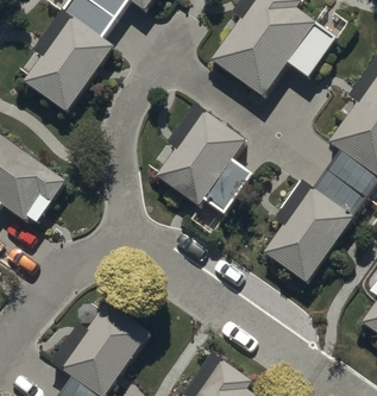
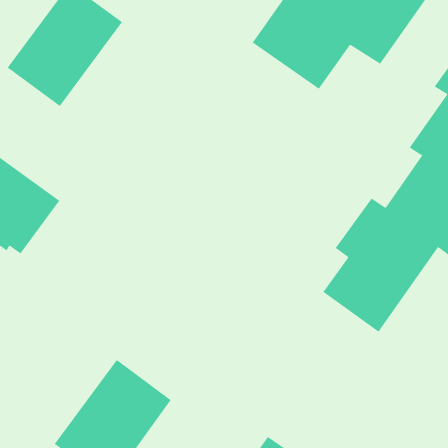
building: [155,102,252,233] -> none

